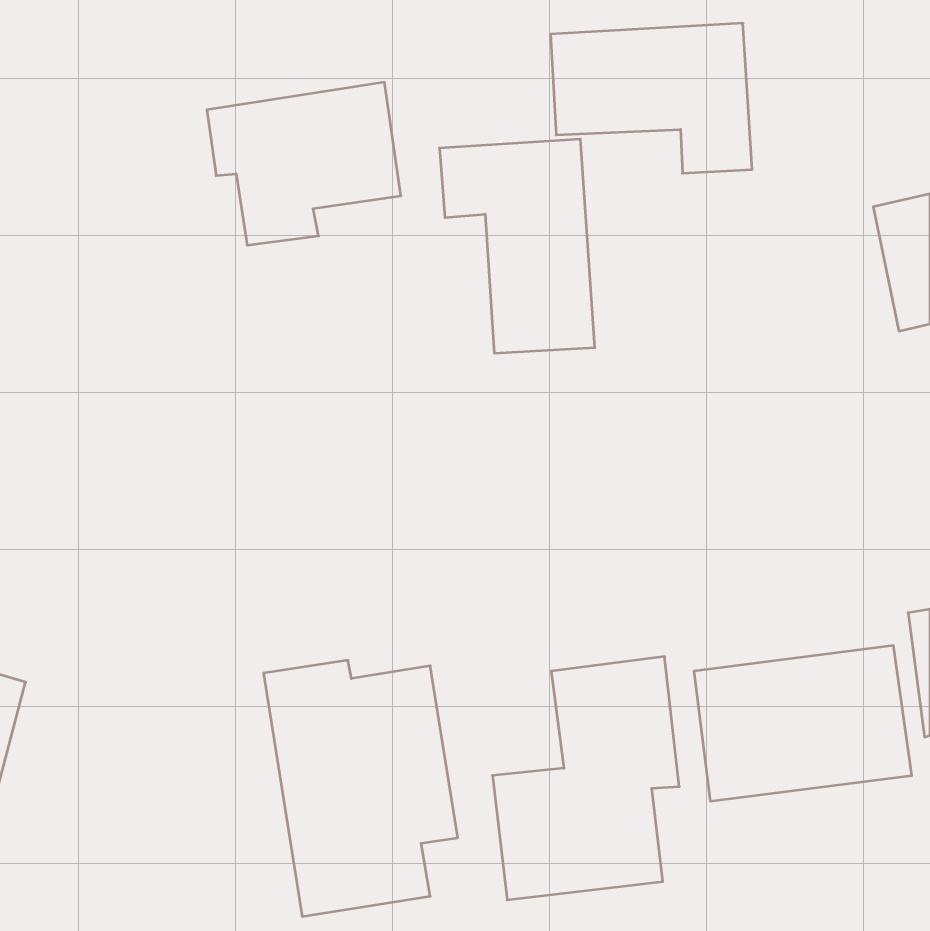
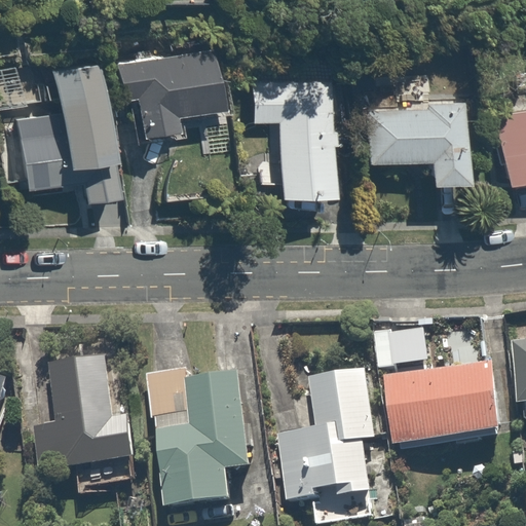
building: [551,23,752,173] -> [353,100,466,184]
building: none -> [11,60,122,202]
building: none -> [34,356,145,489]

